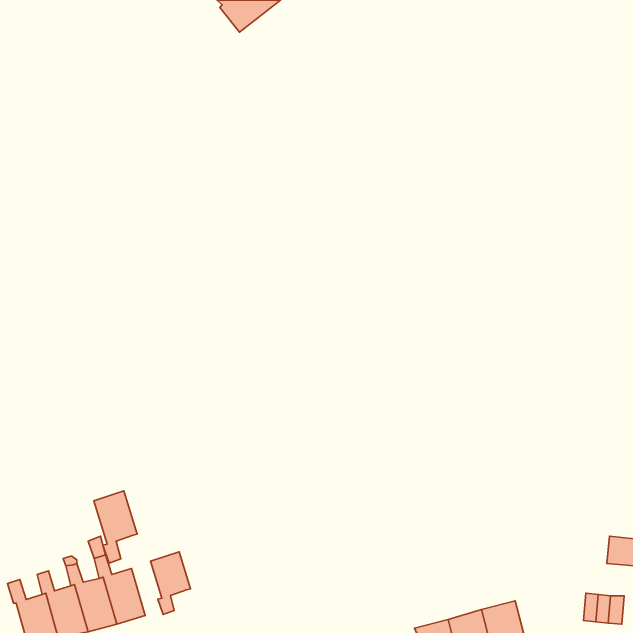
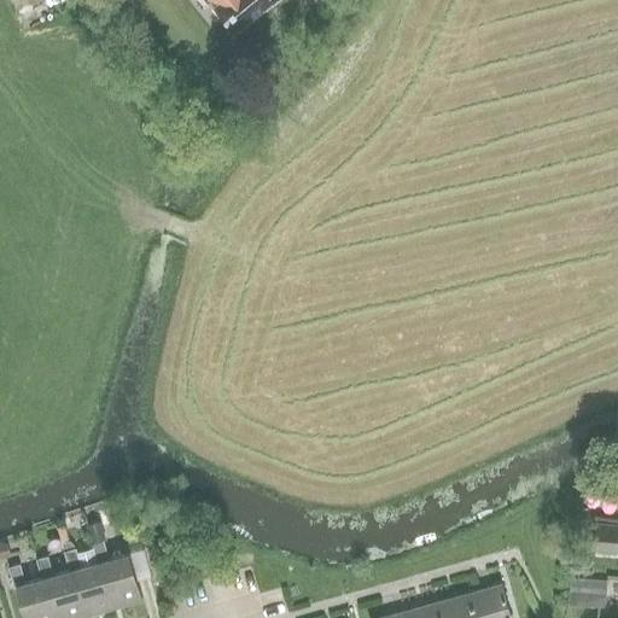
building: [94,491,137,563] -> none
building: [150,552,191,614] -> none

